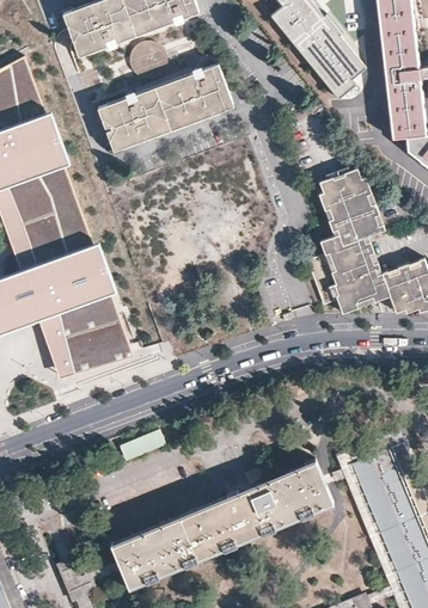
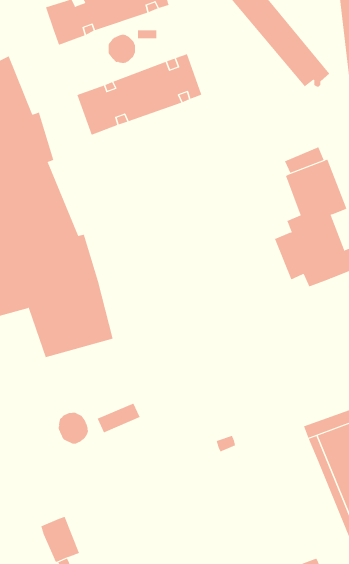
building: none -> [58,412,88,444]
building: [111,460,340,590] -> none

